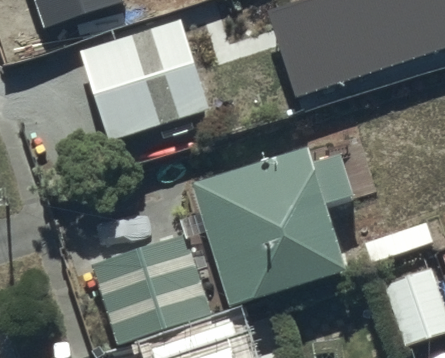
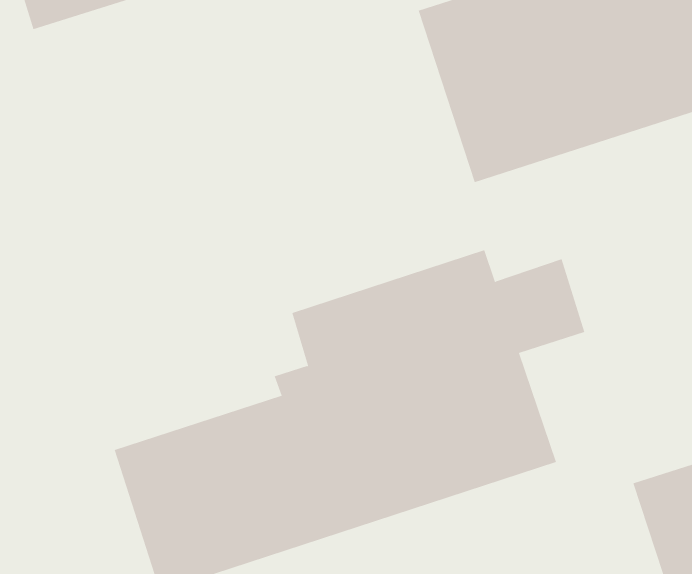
building: [79,20,207,140] -> none

